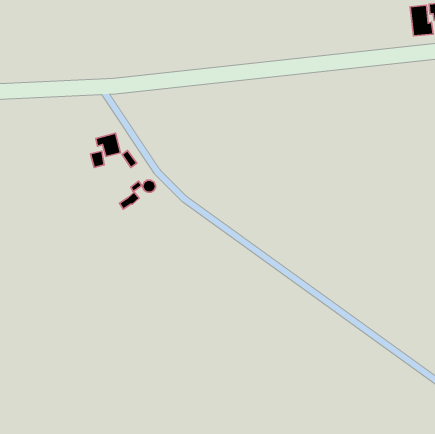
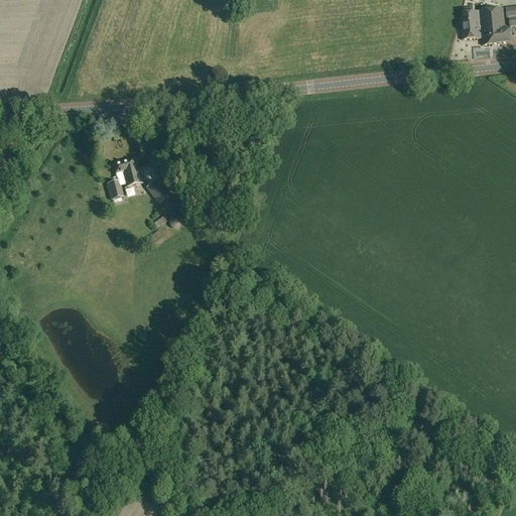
building: none -> [463,8,490,43]

